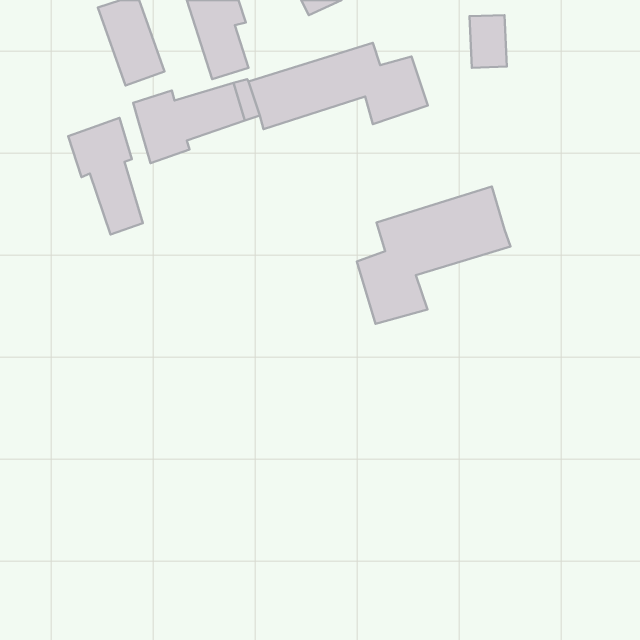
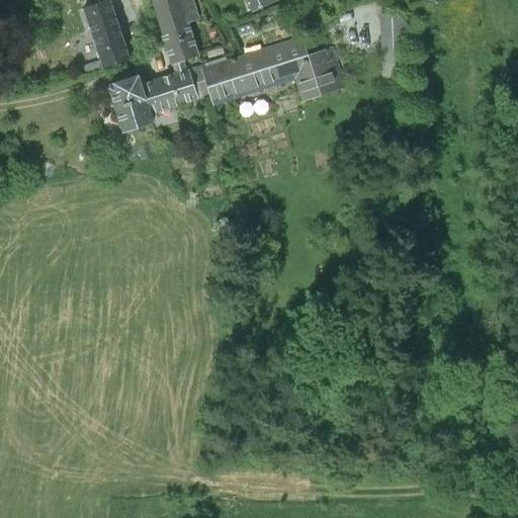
building: [68,118,143,235] -> none
building: [357,186,510,324] -> none

